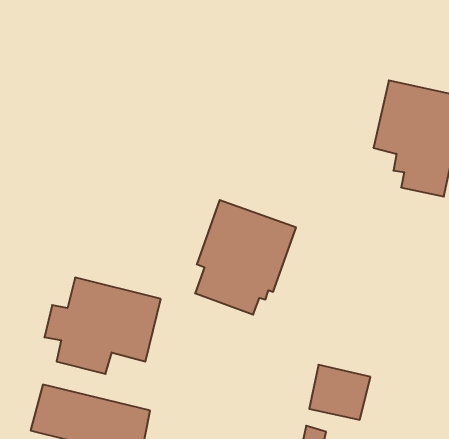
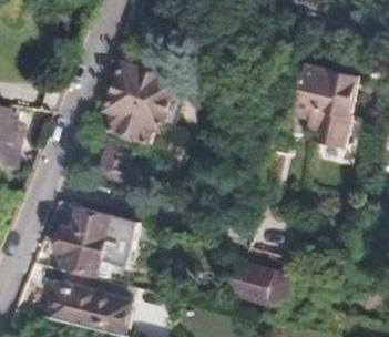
building: none -> [102,141,139,180]
building: [195,200,296,315] -> [104,60,177,143]

